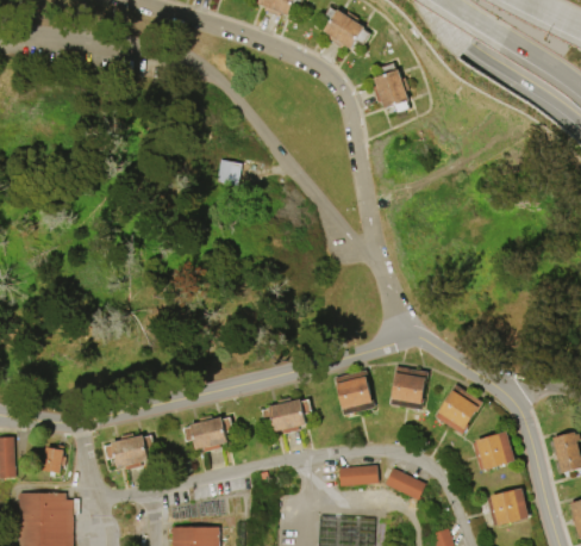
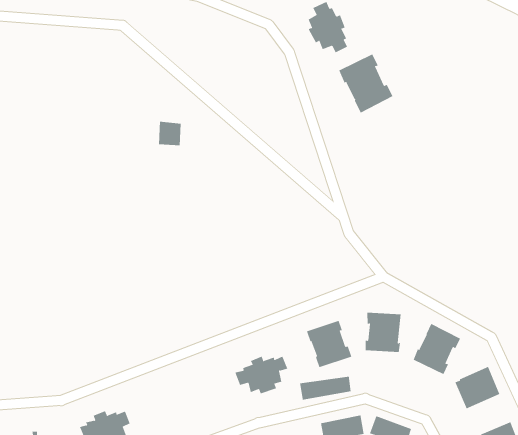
building: none -> [338,53,393,114]
building: [183,415,233,452] -> none
building: none -> [299,376,351,401]

